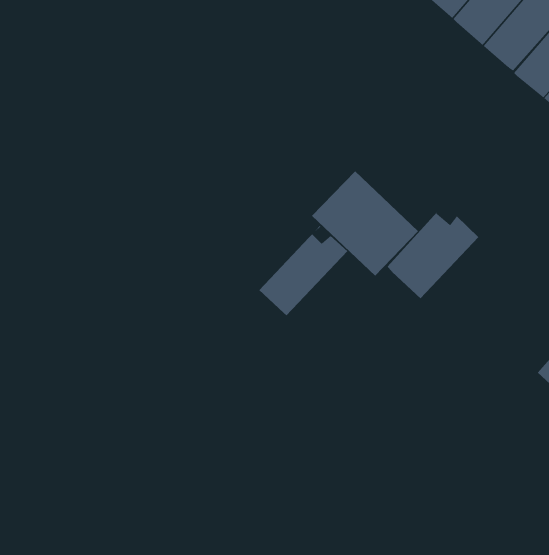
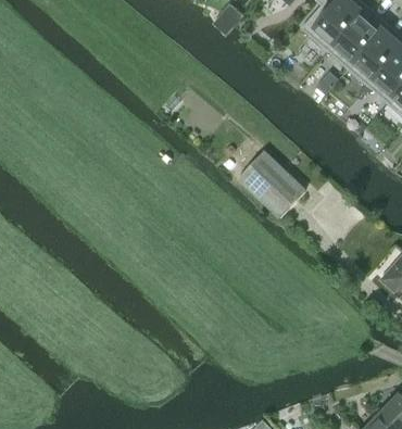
building: [387,212,479,299] -> none
building: [258,225,348,316] -> none

